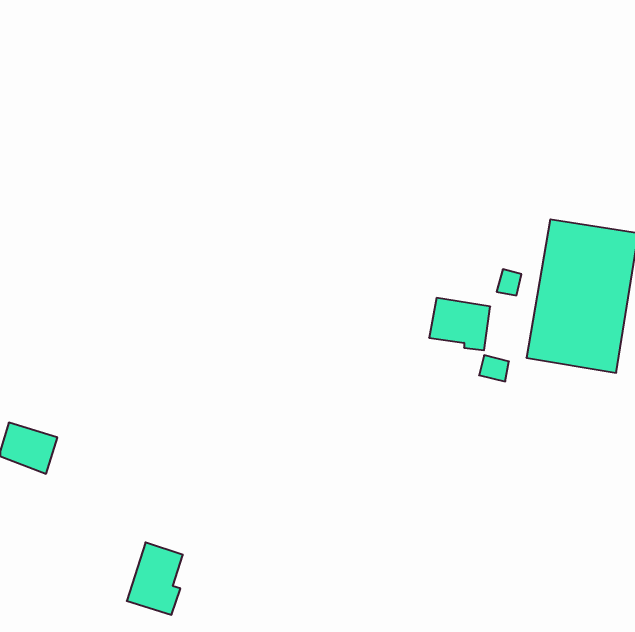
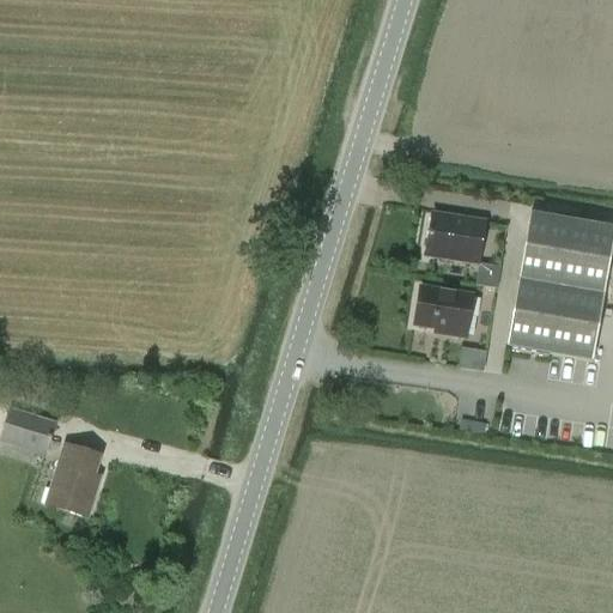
building: none -> [426,212,485,261]
building: [127,542,183,615] -> [47,444,101,514]

